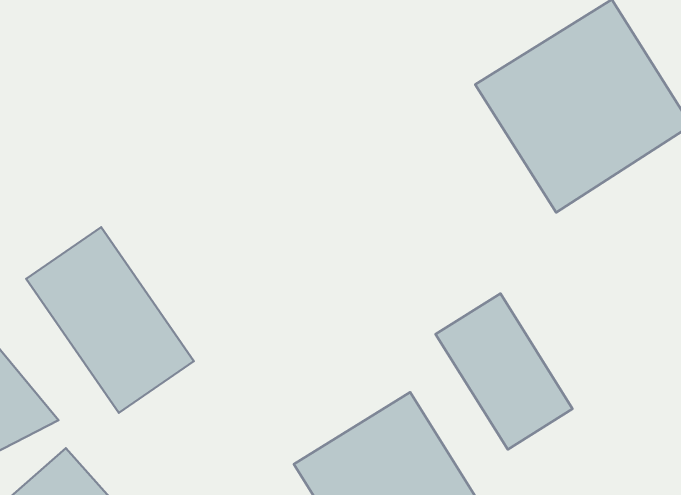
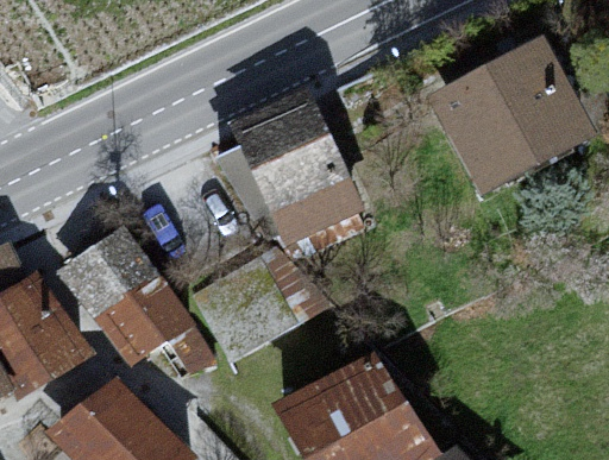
building: none -> [216,108,356,248]
building: [436,293,573,450] -> none

